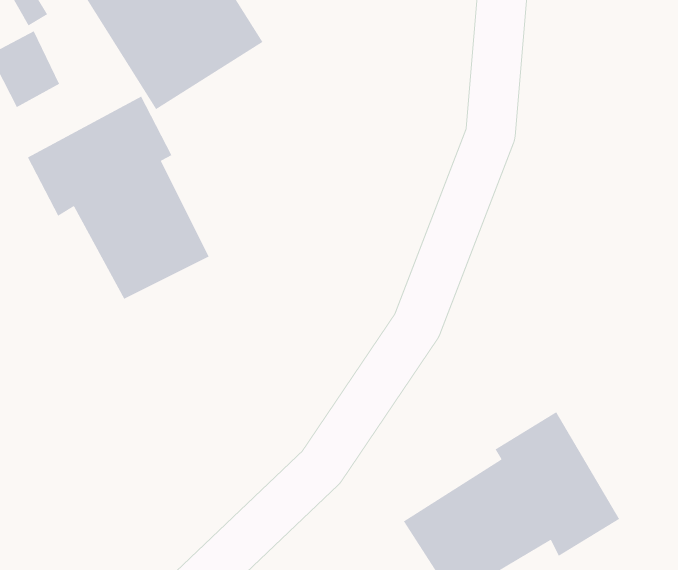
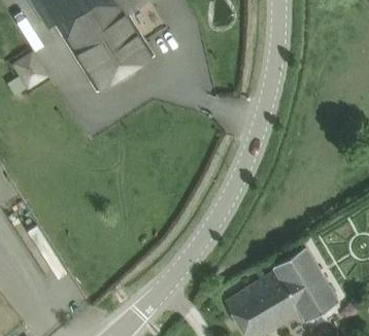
building: [27,96,210,300] -> none

